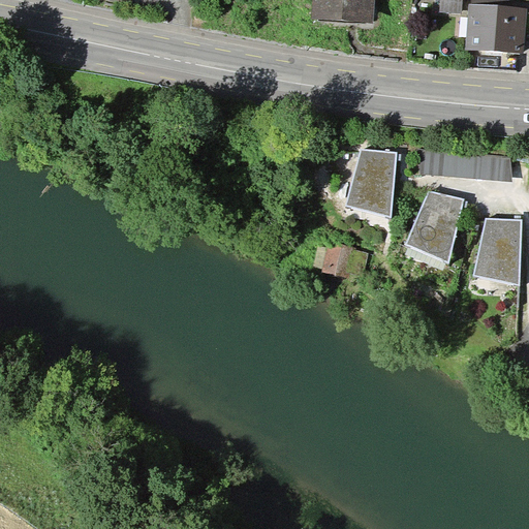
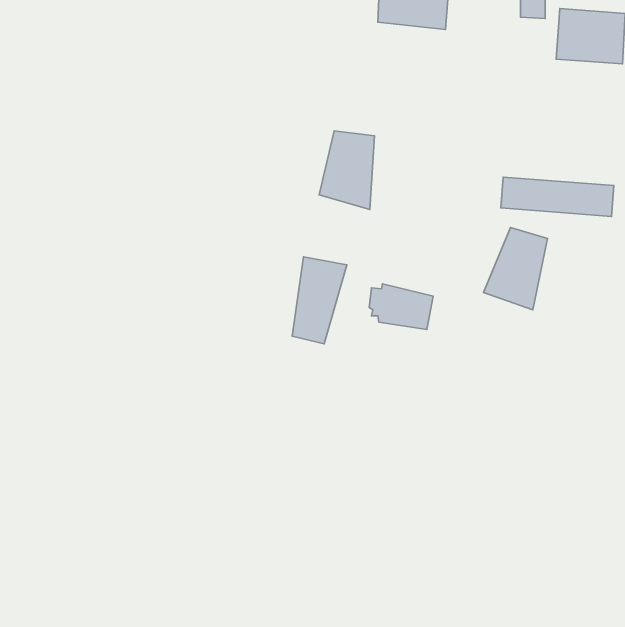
building: [348,151,395,217] -> [319,131,375,210]
building: none -> [292,257,347,344]
building: [473,216,520,280] -> none

